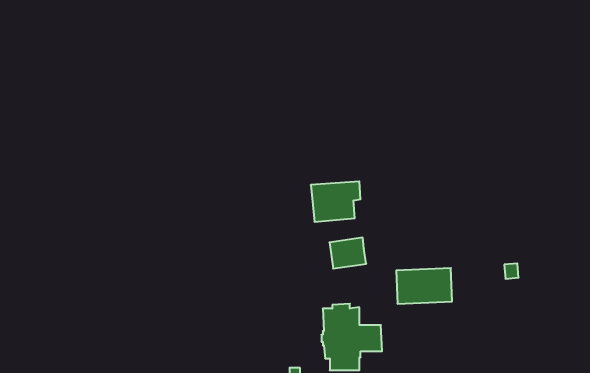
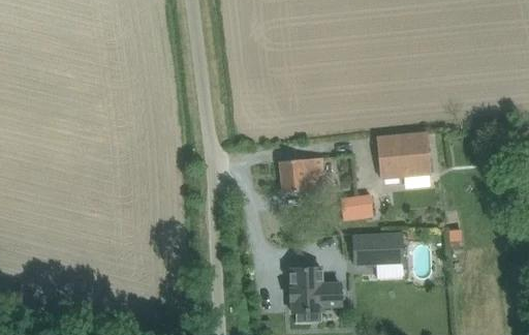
building: none -> [376,132,430,179]
building: [329,238,366,269] -> [341,194,373,221]

